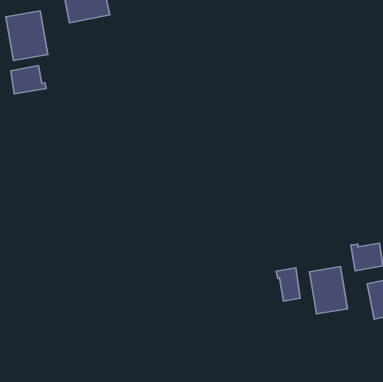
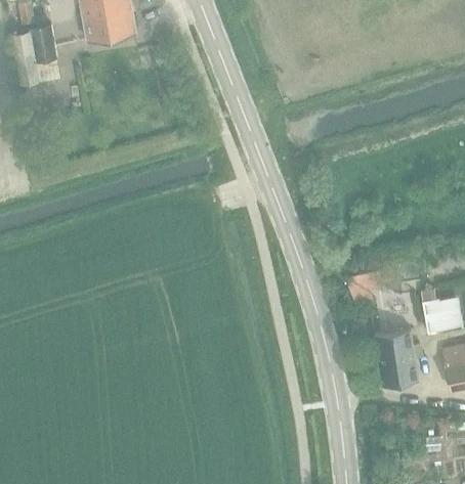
building: [11,66,46,94] -> none
building: [276,268,300,301] -> none

